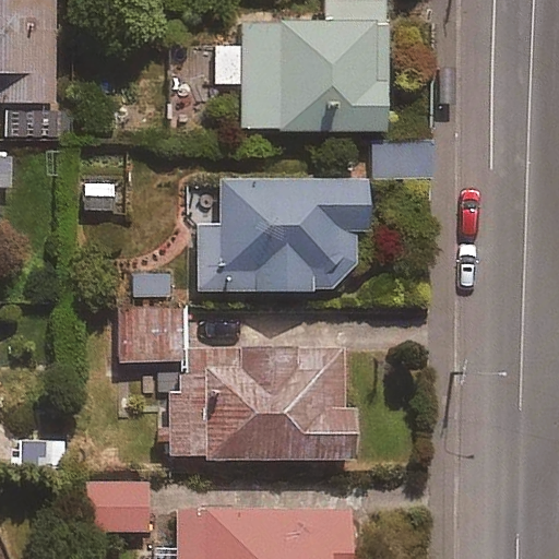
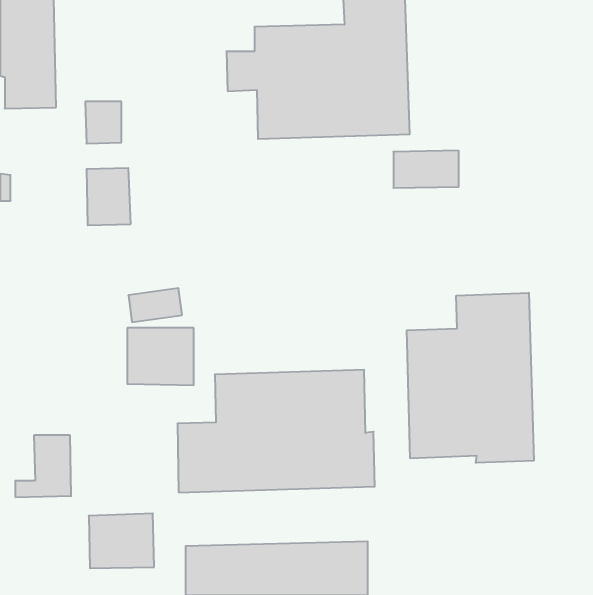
building: [197,178,367,289] -> none
building: none -> [407,293,534,463]

